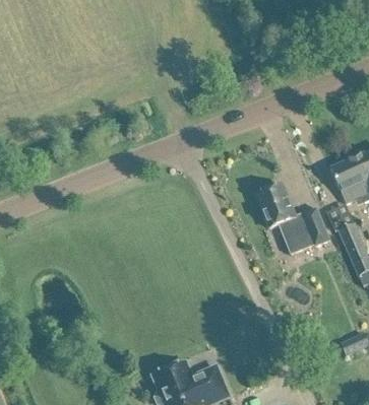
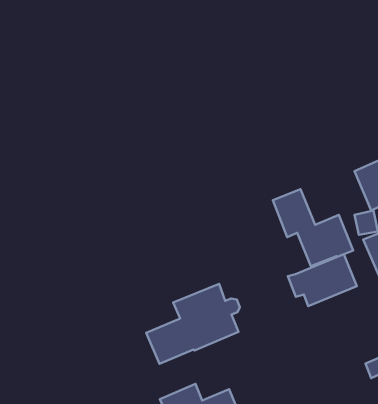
building: none -> [288,254,357,306]
building: none -> [146,284,240,364]

